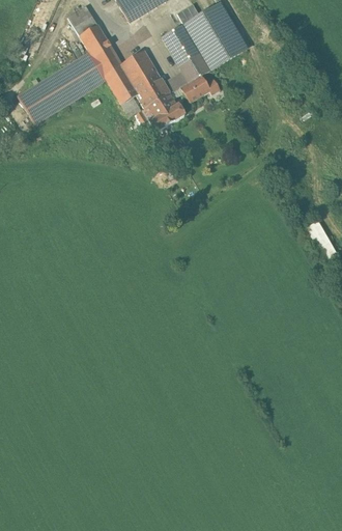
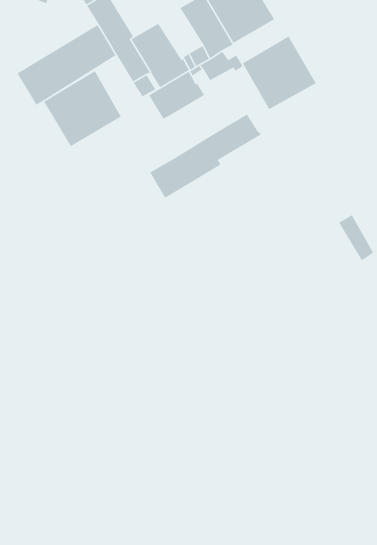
building: none -> [242,35,317,110]
building: none -> [43,70,122,147]
building: none -> [149,113,261,199]

